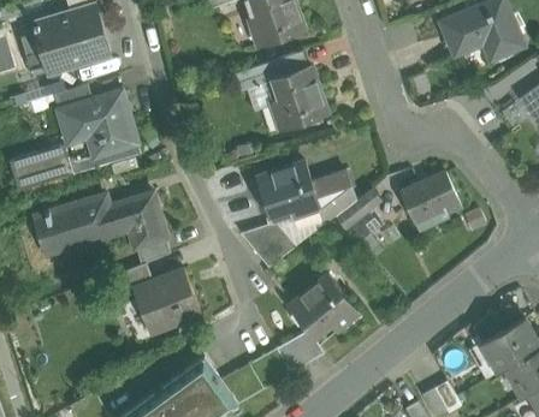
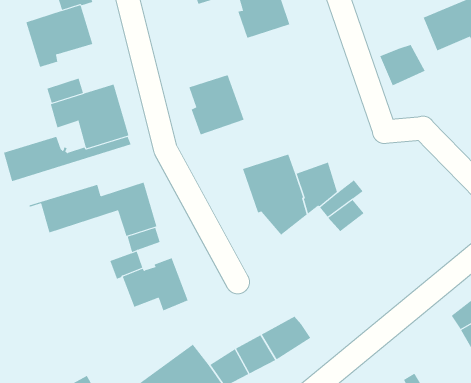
building: none -> [380,44,425,86]
building: [271,64,328,126] -> [189,74,245,135]
building: [399,172,458,222] -> none
building: [239,222,295,268] -> none
building: [290,274,359,338] -> none

